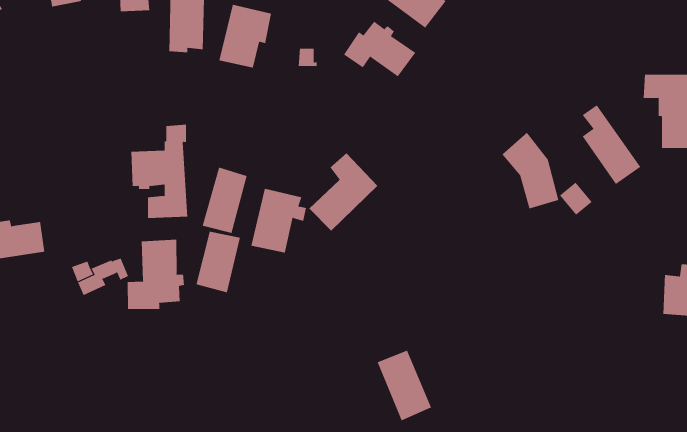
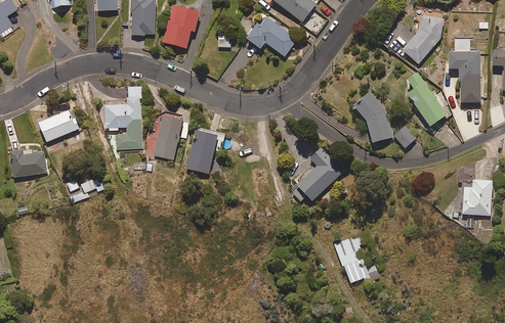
building: none -> [402,15,444,63]
building: [308,152,378,231] -> [296,148,343,201]
building: none -> [38,110,79,142]
building: [196,231,241,293] -> none
building: [127,239,185,310] -> none
building: [377,350,432,421] -> [333,236,370,284]

